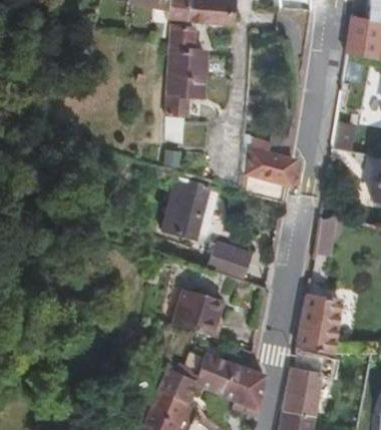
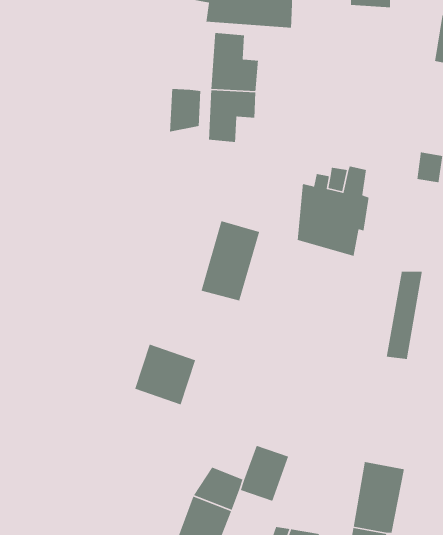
building: none -> [169,88,201,133]
building: [213,240,258,279] -> none
building: [175,289,225,338] -> [134,343,196,406]
building: [297,295,342,352] -> none
building: [219,363,267,413] -> none

